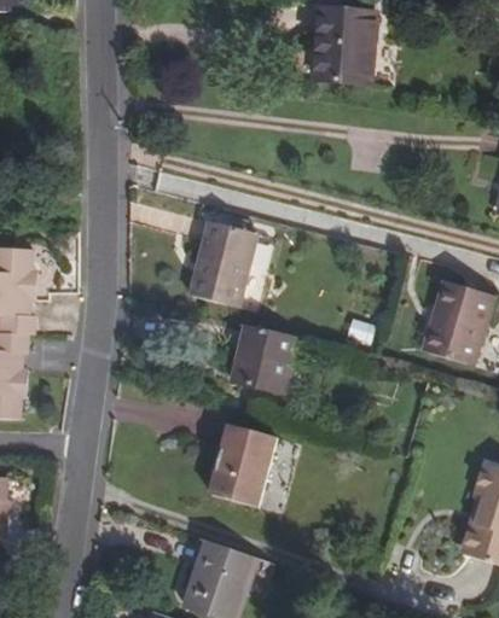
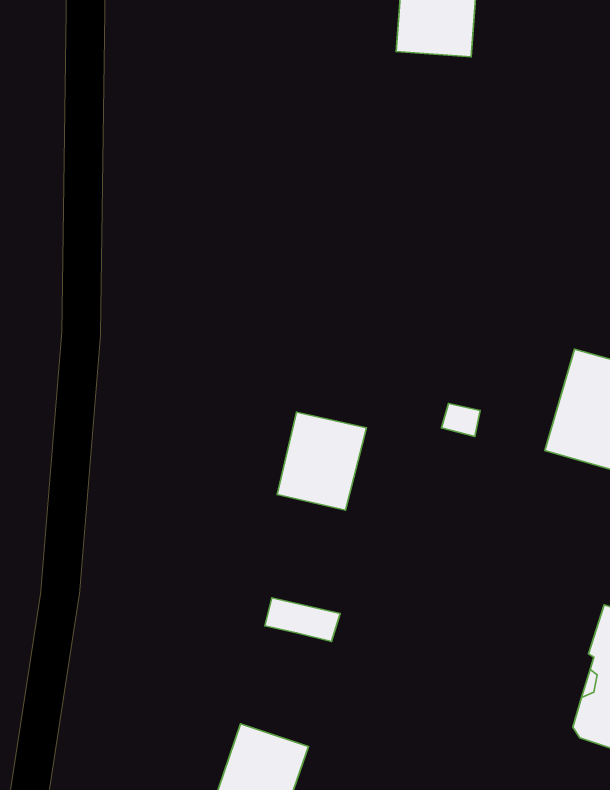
building: [184,217,254,309] -> none
building: [231,427,284,464] -> none
building: [219,472,272,508] -> none

